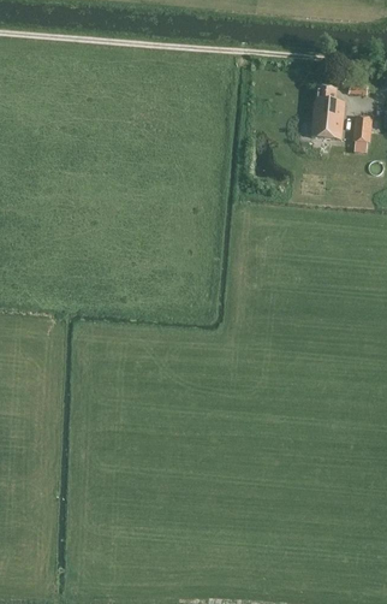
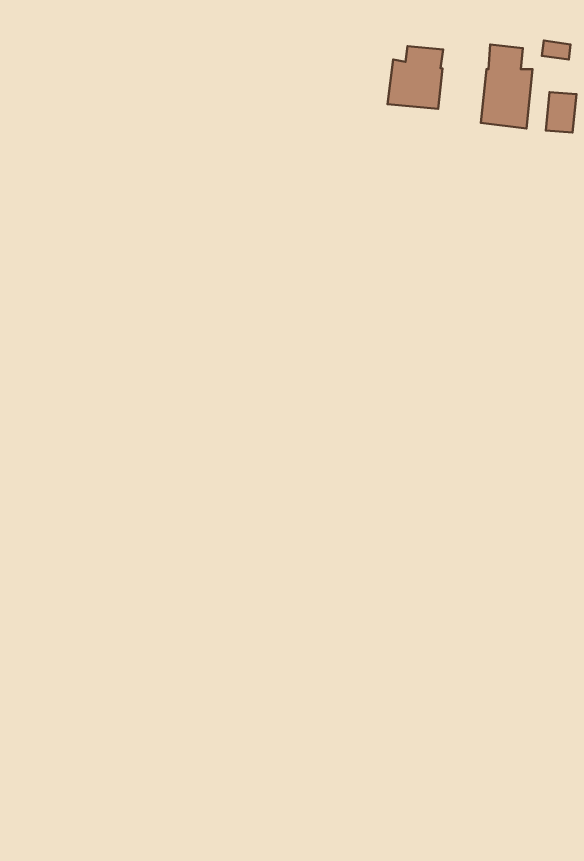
building: none -> [388,46,443,109]

